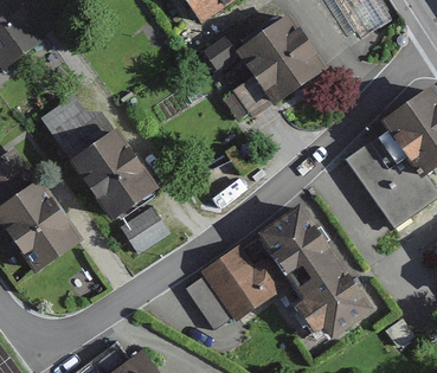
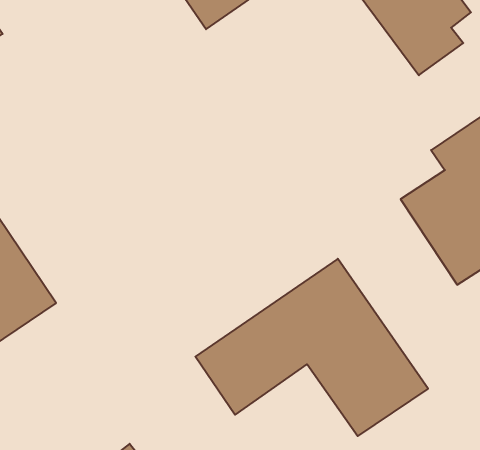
building: [205,14,323,118] -> none
building: [45,95,159,219] -> none
building: [123,208,171,253] -> none

